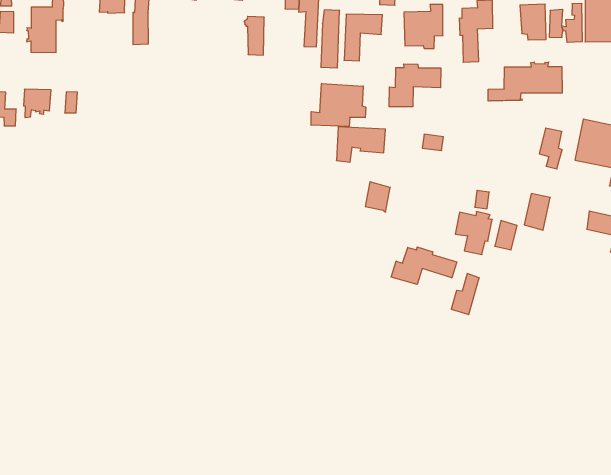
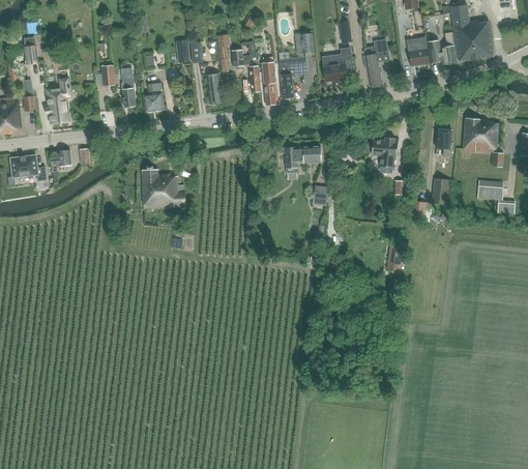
building: none -> [143,82,164,111]
building: [488,62,562,101] -> none
building: [389,64,441,107] -> none
building: [311,83,366,127] -> none
building: none -> [141,168,184,207]
building: [455,212,492,255] -> [371,136,397,167]
building: [391,247,457,284] -> none

